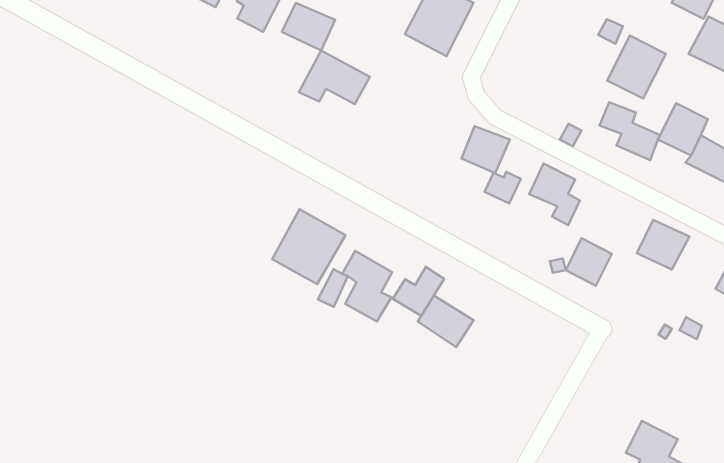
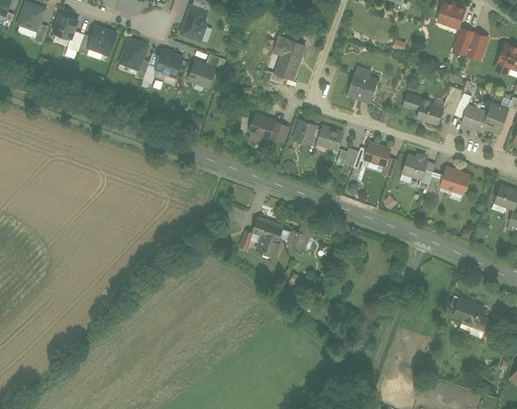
building: [607,36,666,99] -> [345,65,381,104]
building: [299,50,370,104] -> [244,111,289,144]
building: none -> [291,116,317,144]
building: [272,209,346,284] -> none
building: [566,238,612,286] -> [400,150,428,180]
building: [418,296,473,347] -> none

